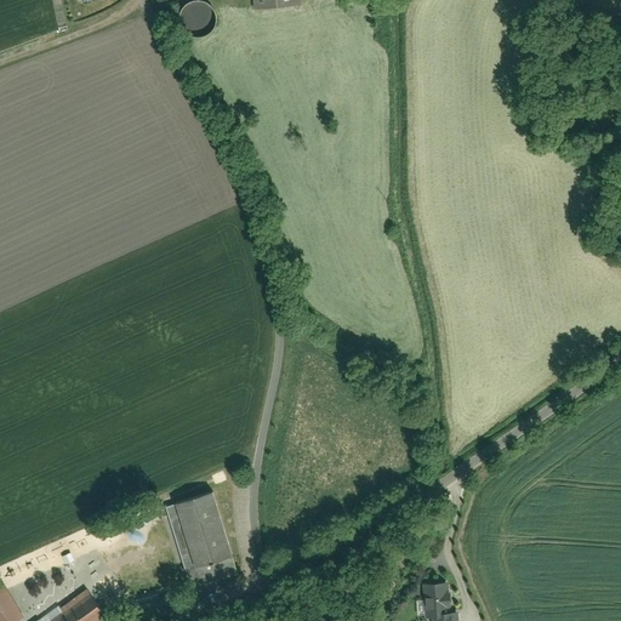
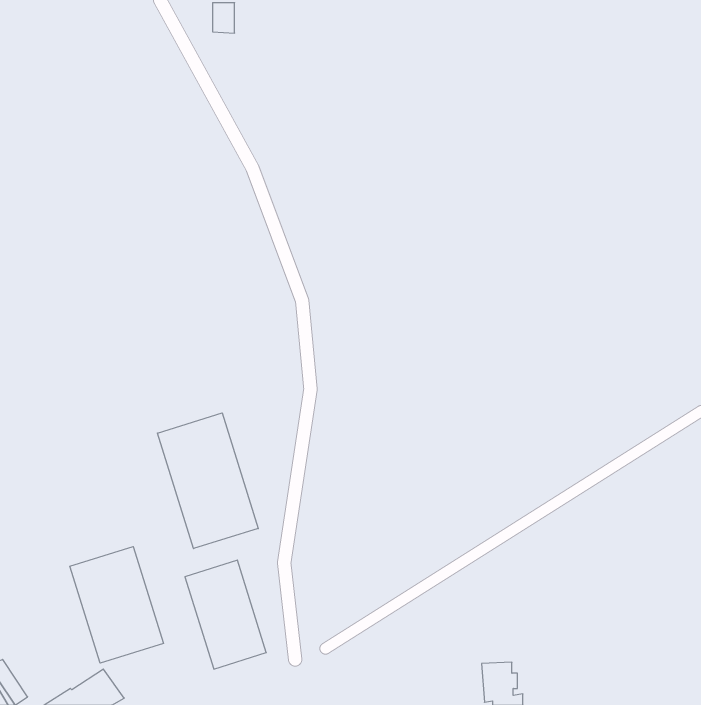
building: none -> [157,413,258,549]
building: none -> [70,547,164,663]

